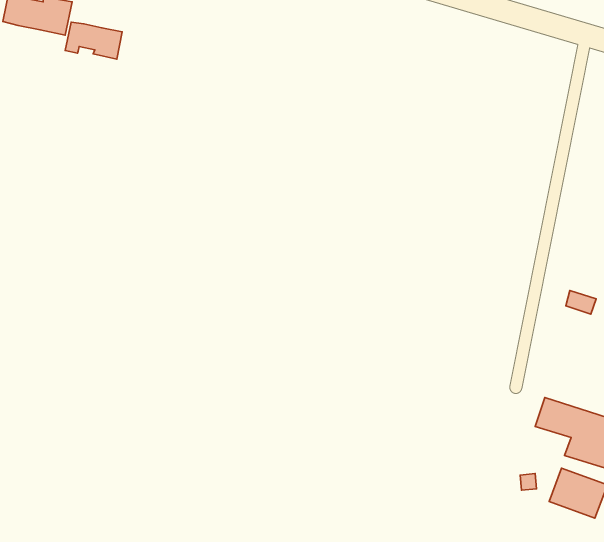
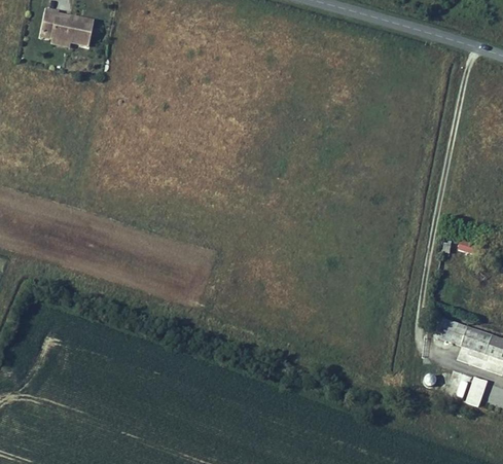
building: [65,22,122,59] -> none

